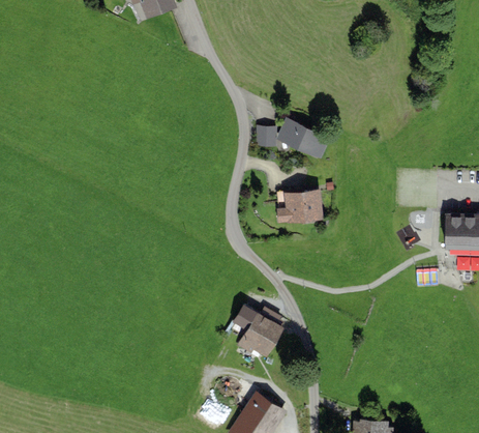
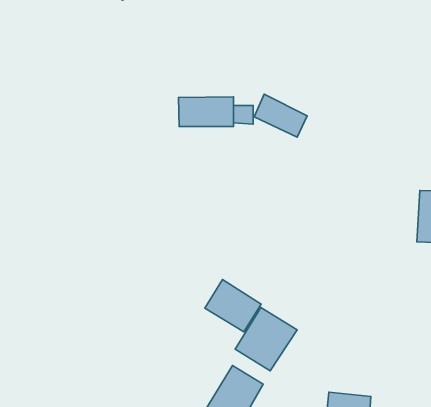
building: none -> [179,97,234,126]
building: [275,186,322,223] -> none
building: none -> [235,307,297,371]

